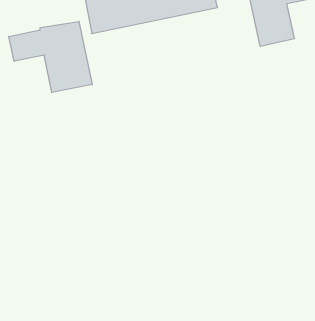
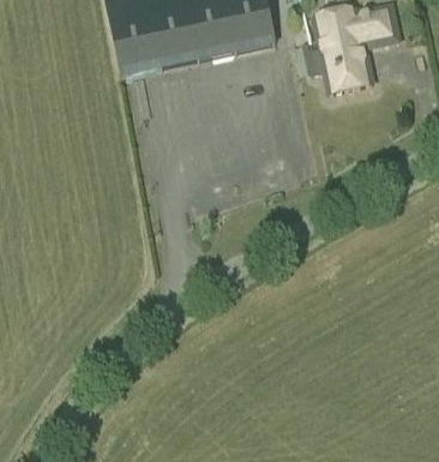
building: [9,21,92,93] -> none

